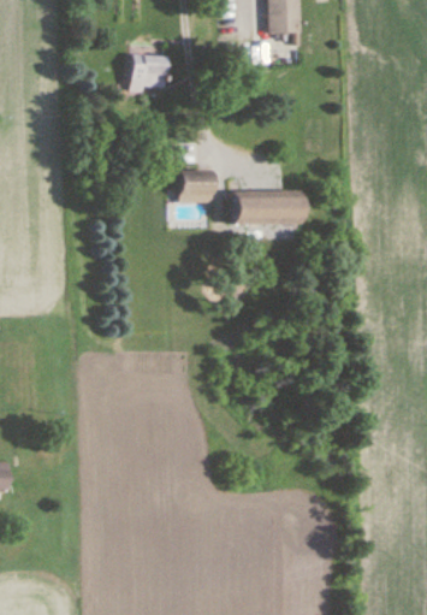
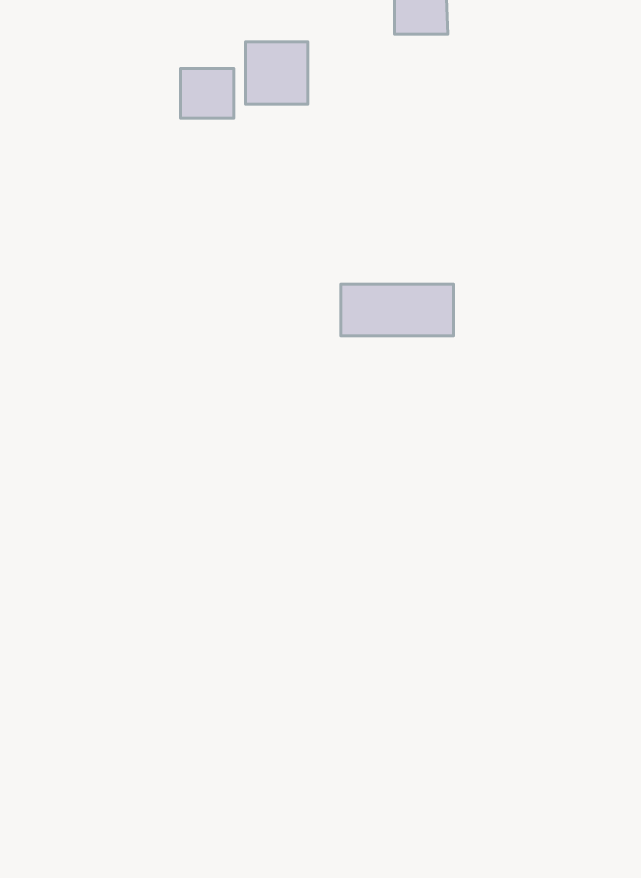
building: none -> [245,42,308,104]
building: [179,170,213,202] -> none

